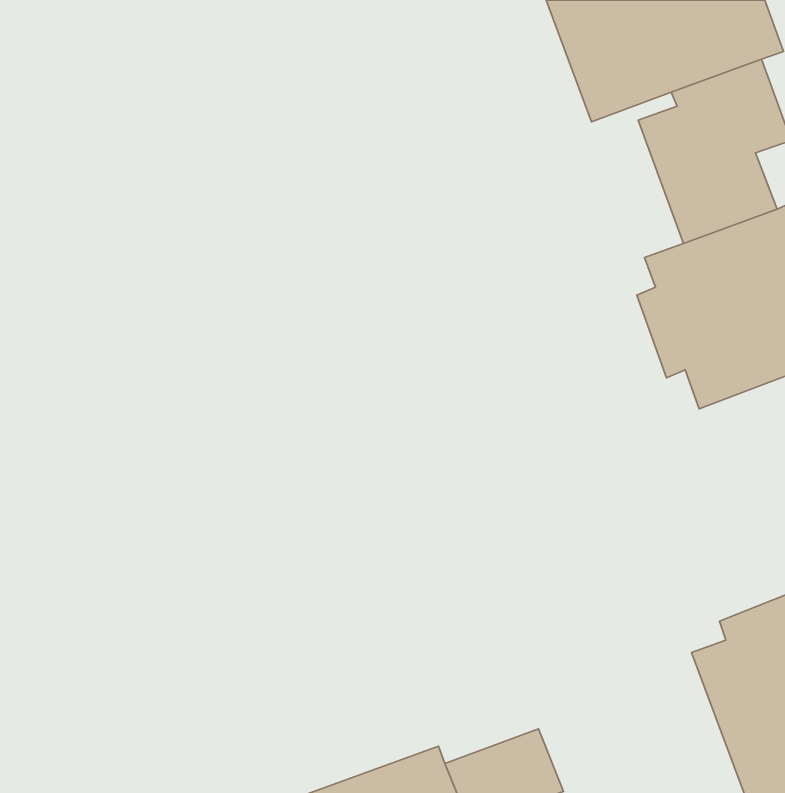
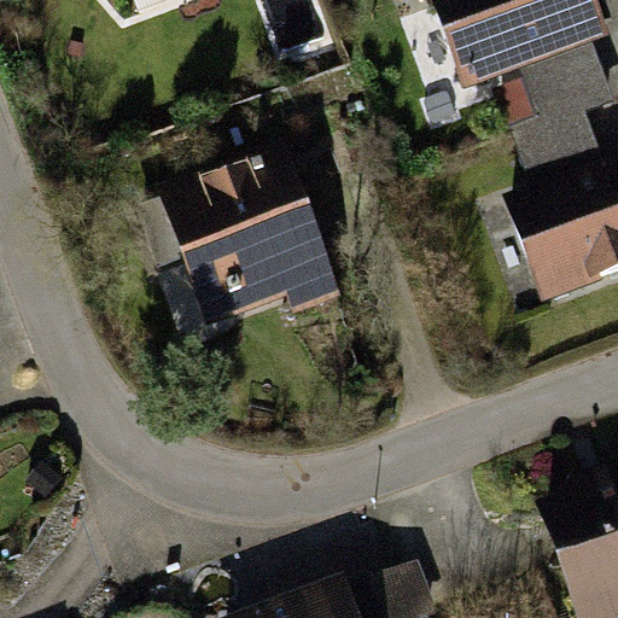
building: none -> [154,140,339,337]

